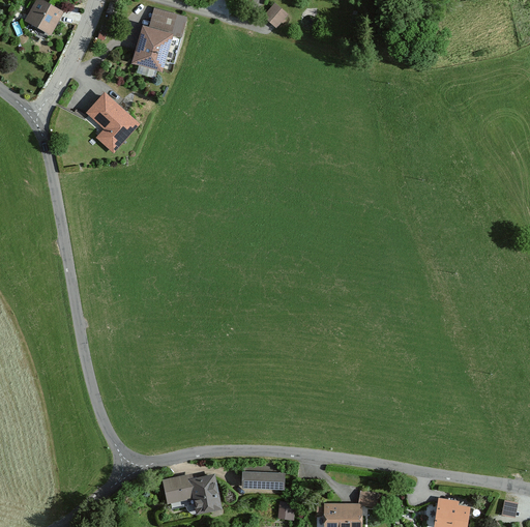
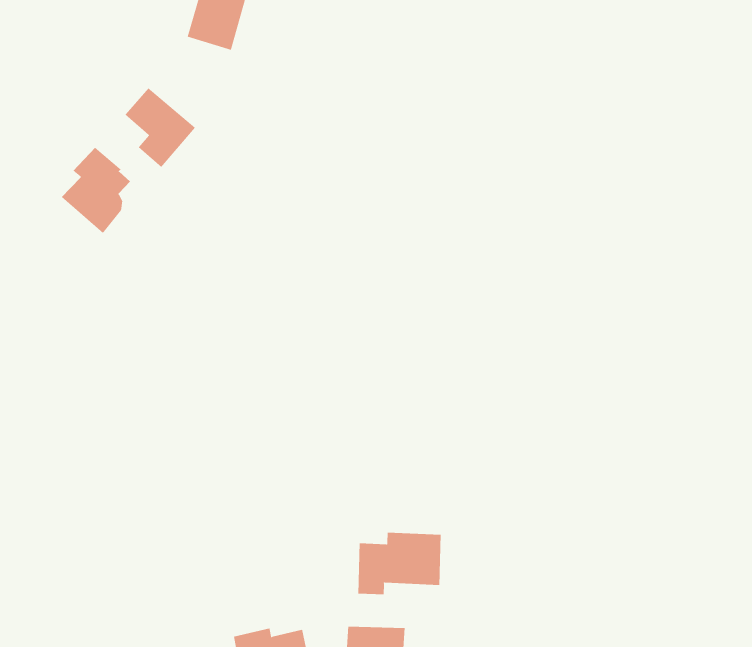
building: none -> [61,147,131,234]
building: none -> [358,532,441,595]

